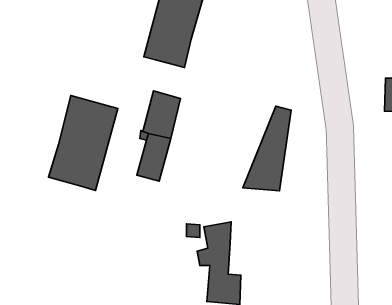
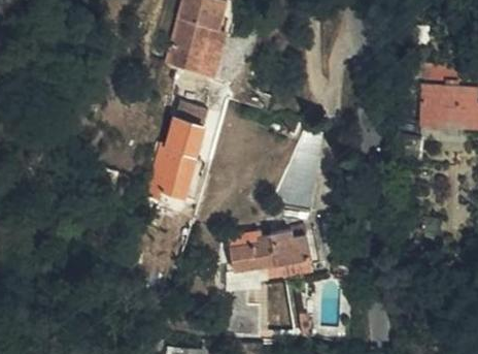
building: [49,96,118,190] -> none
building: none -> [258,229,308,266]

